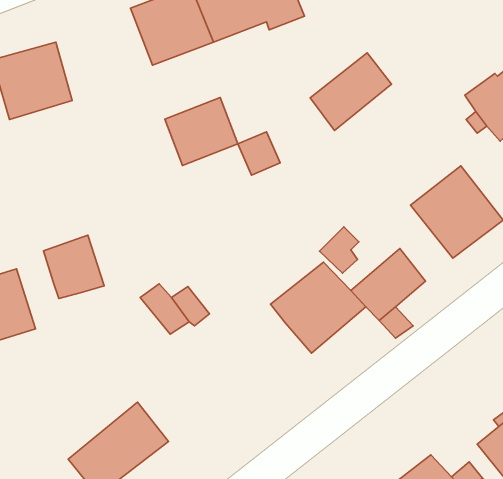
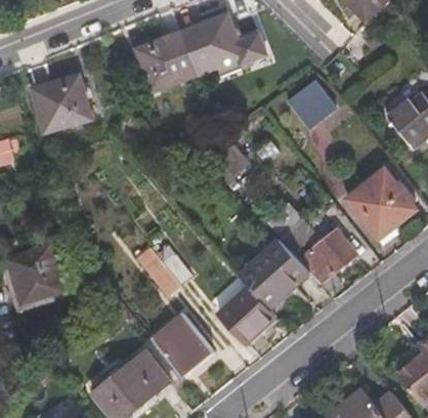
building: [165,98,238,166] -> none
building: [43,235,104,298] -> none
building: none -> [219,287,277,344]
building: none -> [149,316,212,377]

